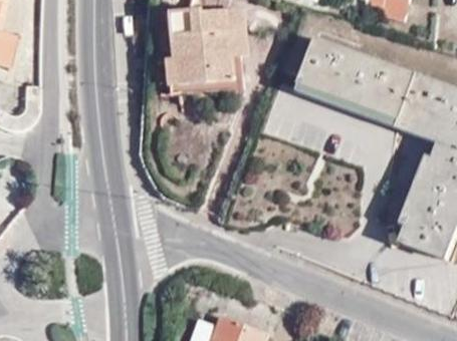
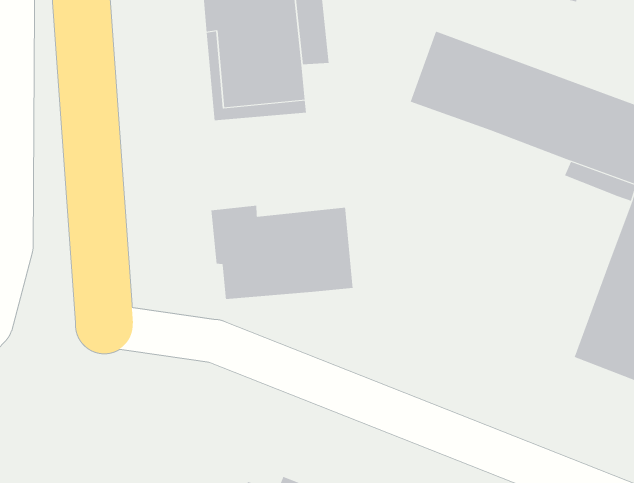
building: none -> [211,205,353,300]

